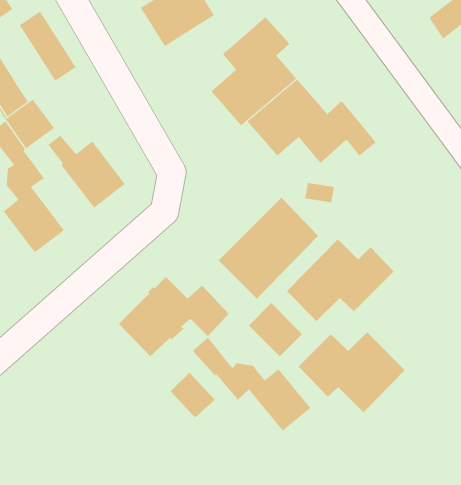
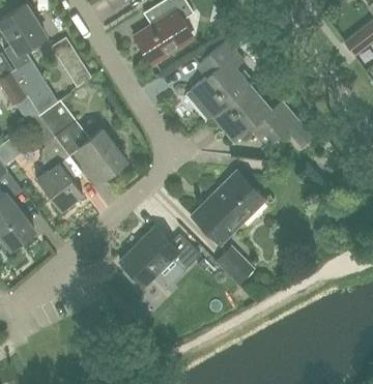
building: [286,238,395,322] -> none
building: [298,332,405,413] -> none
building: [192,337,311,431] -> none
building: [169,372,216,418] -> none

